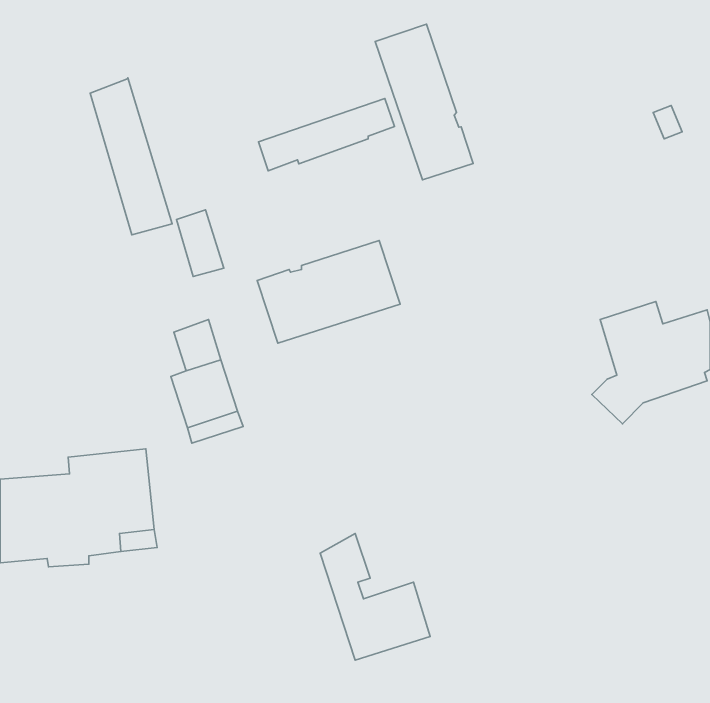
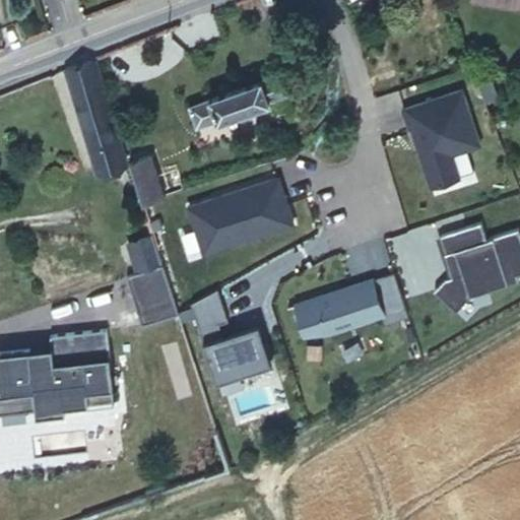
building: [375,24,473,180] -> none
building: none -> [402,93,479,191]
building: none -> [295,275,407,336]
building: [320,534,430,660] -> [190,292,270,385]

